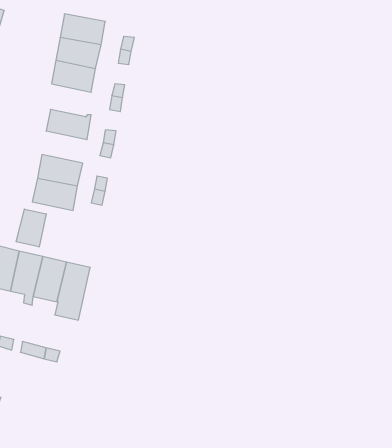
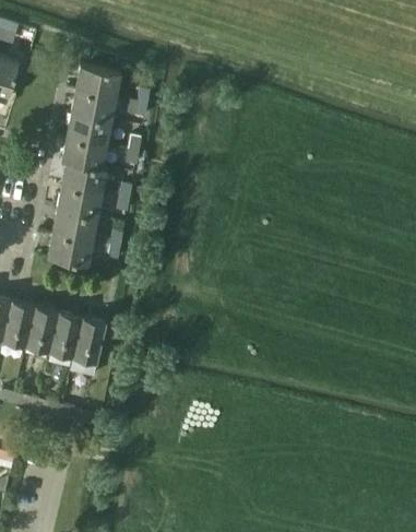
building: none -> [61,137,107,170]
building: none -> [57,185,103,217]
building: [16,209,46,247] -> none

